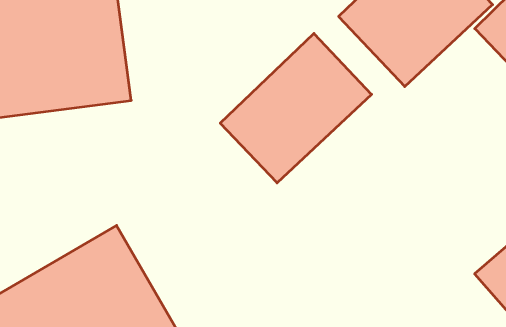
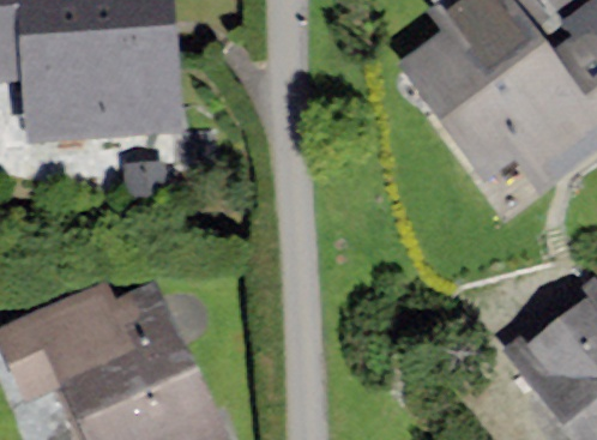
building: [220,33,372,183] -> none

